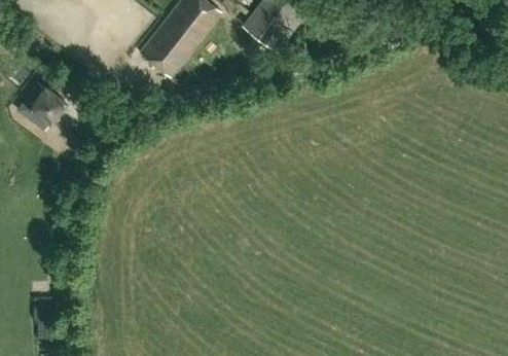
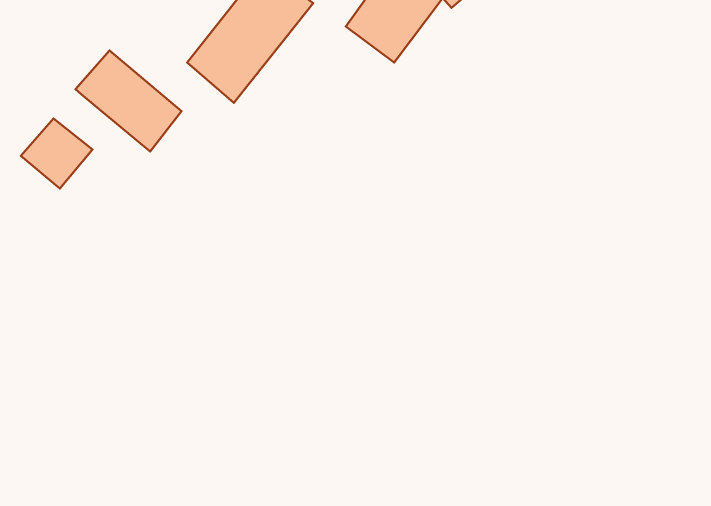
building: none -> [75,51,182,152]

